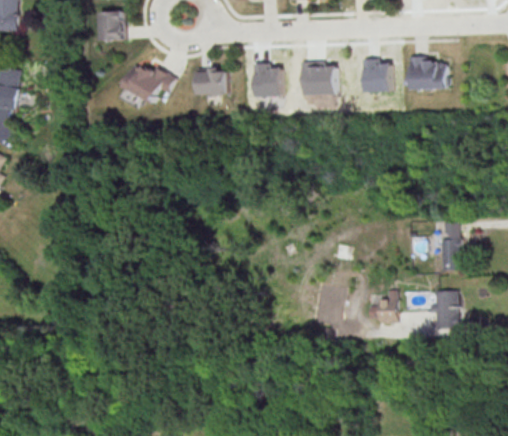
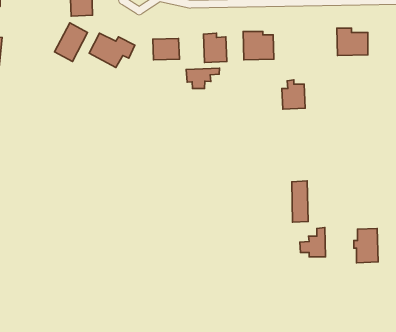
building: none -> [54,23,88,61]
building: [363,58,390,92] -> [282,80,305,109]
building: none -> [186,68,220,89]
building: [439,222,458,270] -> [292,181,308,222]

